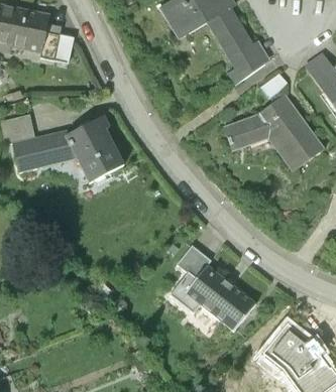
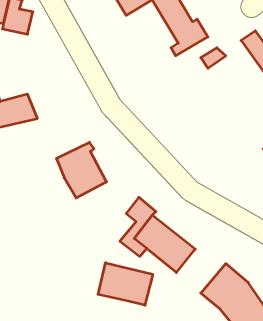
building: [223,98,323,171] -> none
building: [68,115,124,177] -> [56,142,107,198]
building: none -> [98,263,153,305]

